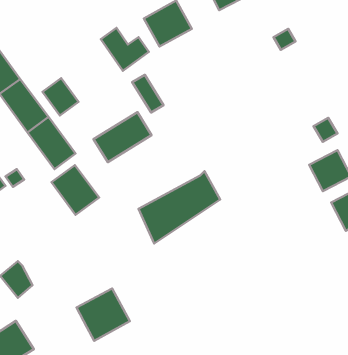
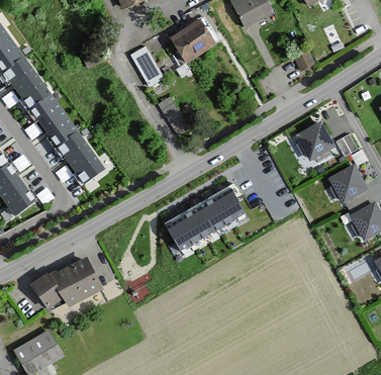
building: [42,78,78,115] -> none
building: none -> [295,121,336,162]
building: [94,112,152,162] -> none
building: [51,165,99,215] -> none
building: [76,289,130,341] -> [53,257,104,307]

